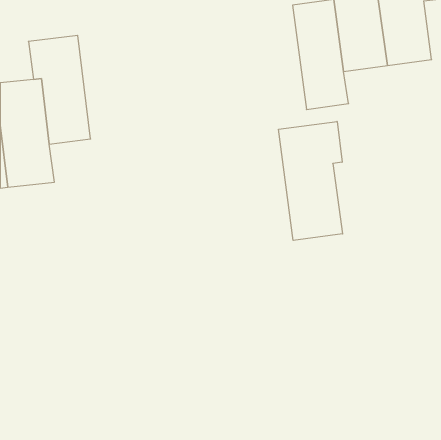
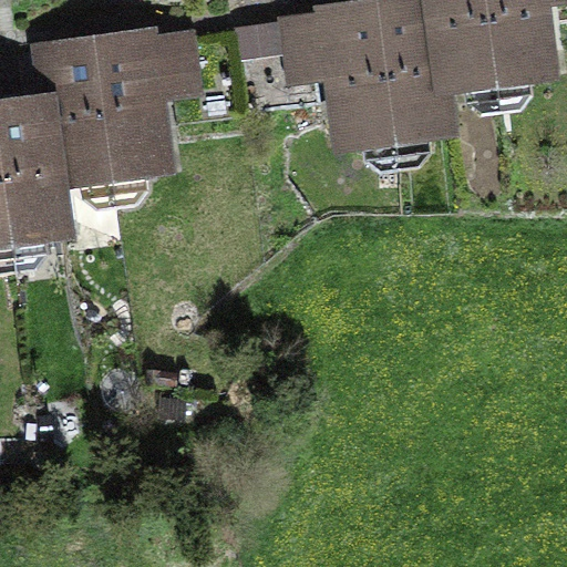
building: none -> [291,7,393,147]
building: none -> [100,40,188,178]
building: [279,121,343,240] -> none

